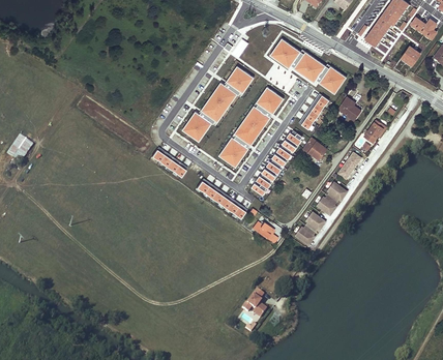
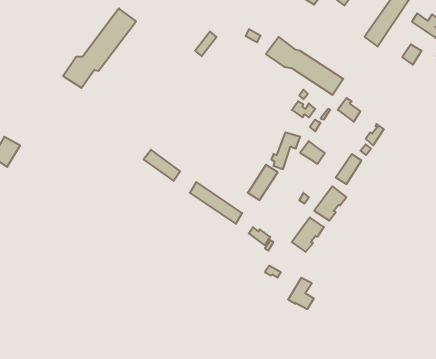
building: [181,65,252,142] -> [63,8,136,88]
building: [218,87,285,167] -> none
building: [241,289,266,319] -> [288,278,314,309]

